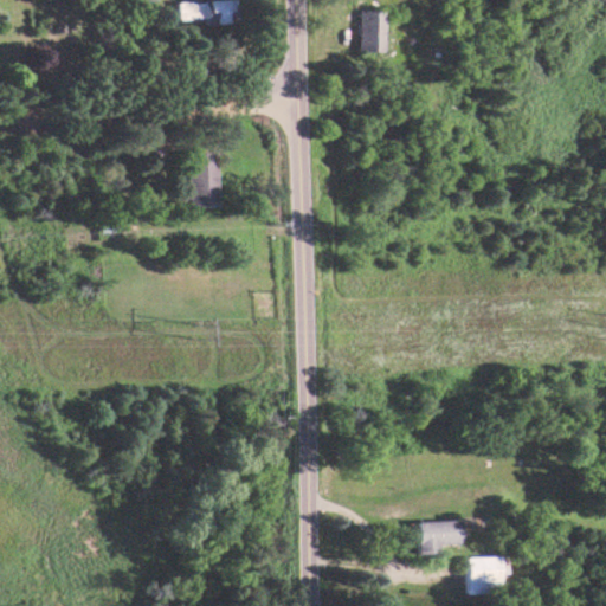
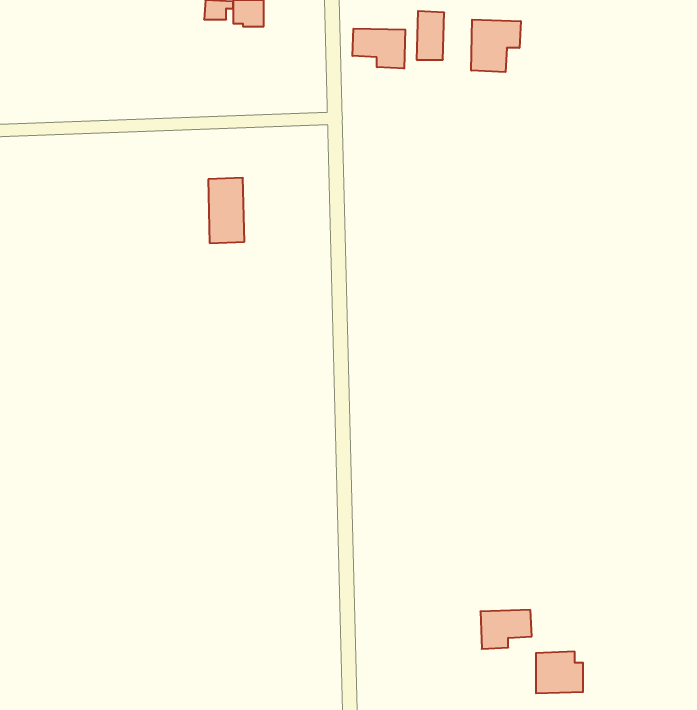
building: none -> [471,20,521,72]
building: none -> [352,29,405,69]

